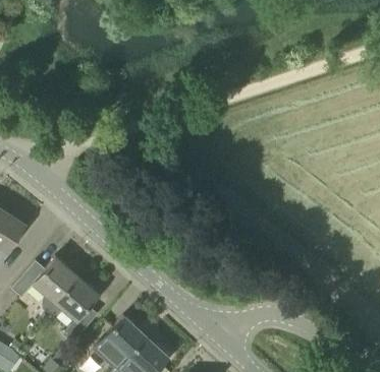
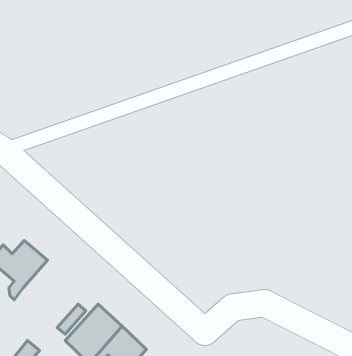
building: [47,276,99,343] -> none

